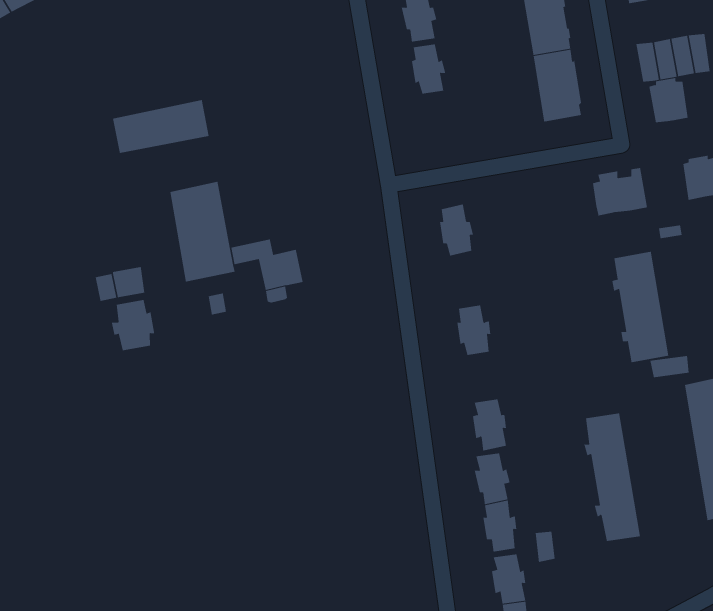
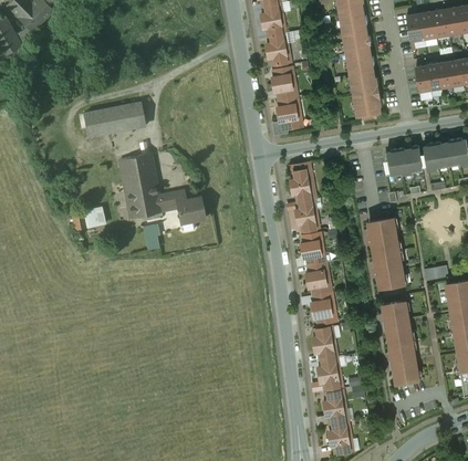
building: [648,78,688,123] -> [423,142,448,170]
building: none -> [277,97,299,130]
building: none -> [294,199,316,232]
building: [612,251,669,363] -> [367,218,404,289]
building: [111,299,155,351] -> none
building: none -> [305,263,327,295]

